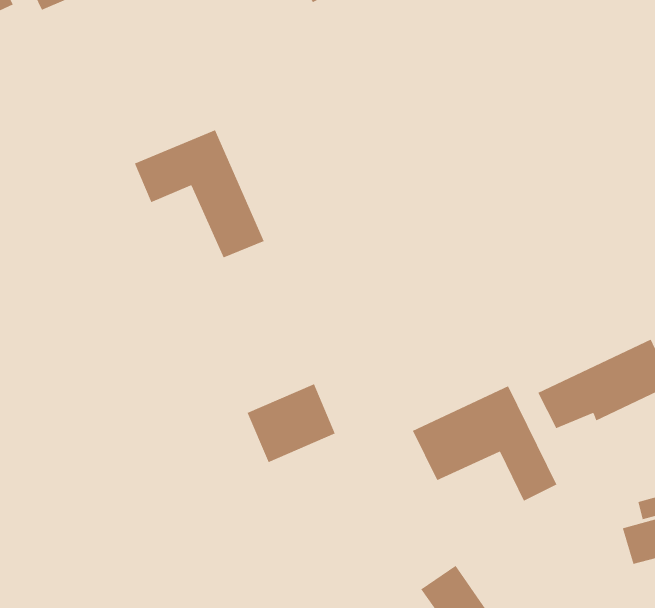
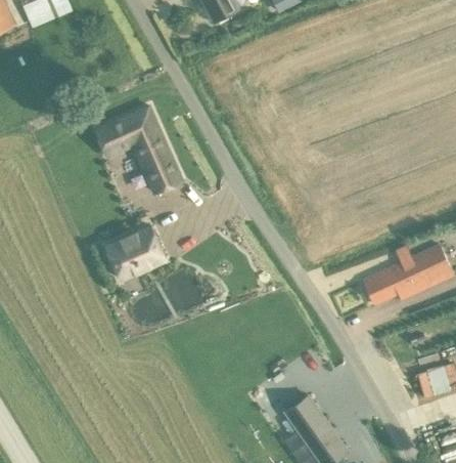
building: [247,383,336,463] -> [104,225,164,279]
building: [412,385,557,502] -> none

